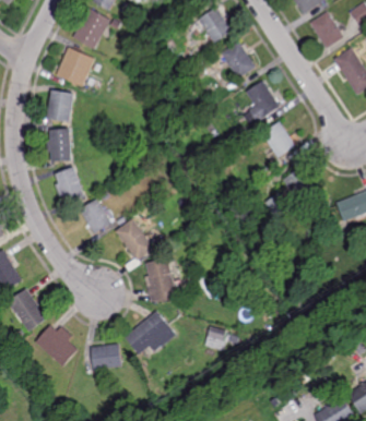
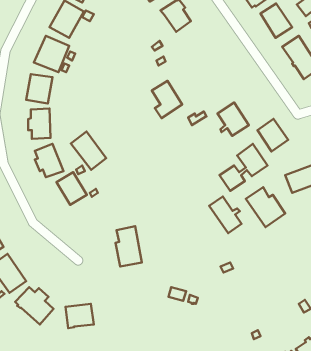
building: [221,41,255,77] -> none
building: [245,80,279,121] -> [152,81,182,118]
building: none -> [258,119,288,152]
building: none -> [246,187,285,227]
building: [118,219,157,262] -> [71,132,106,170]
building: none -> [209,197,242,233]
building: [125,312,176,356] -> none

